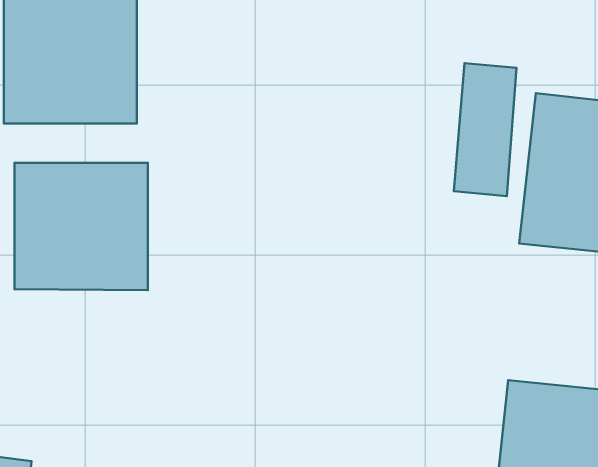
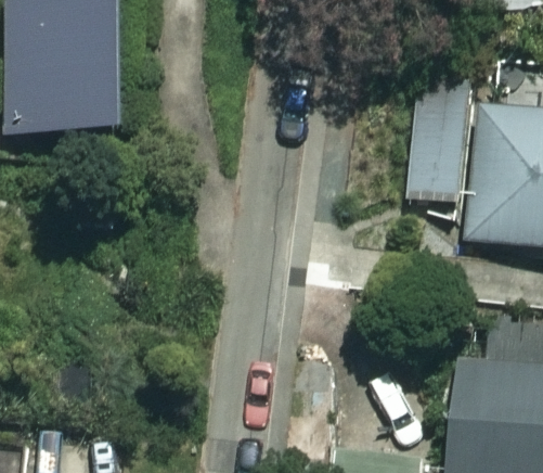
building: [14,163,148,290] -> none

